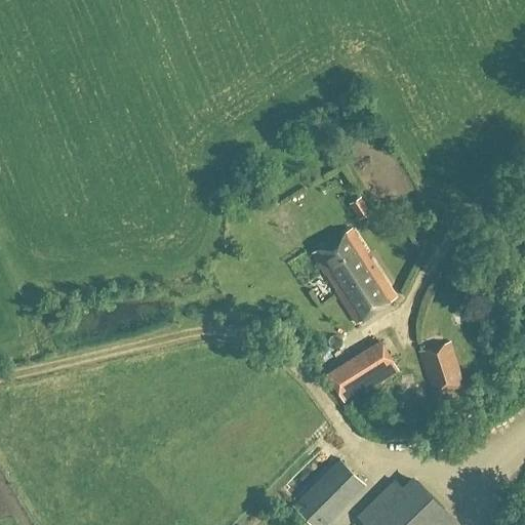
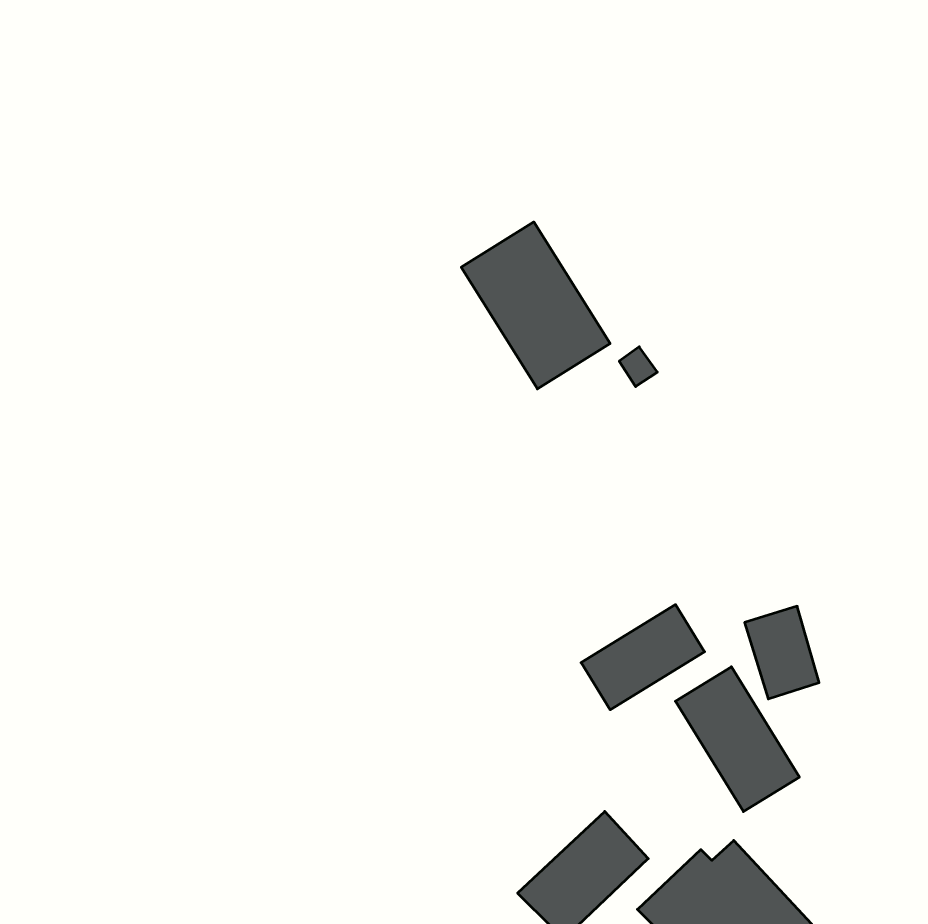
building: [312,229,396,323] -> [461,222,610,389]
building: none -> [675,667,799,812]

